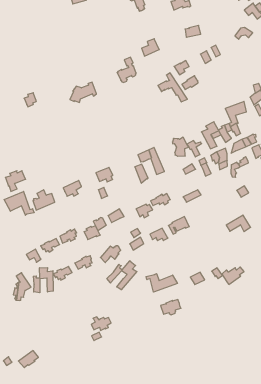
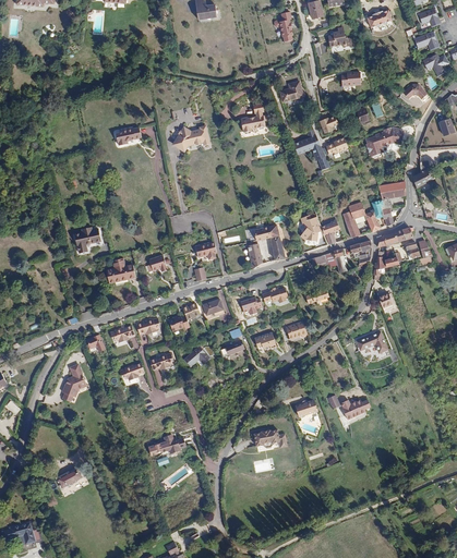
building: none -> [365,130,404,159]
building: [4,191,34,215] -> none
building: [107,261,137,290] -> none
building: [33,268,53,293] -> none
building: [146,274,177,292] -> none

